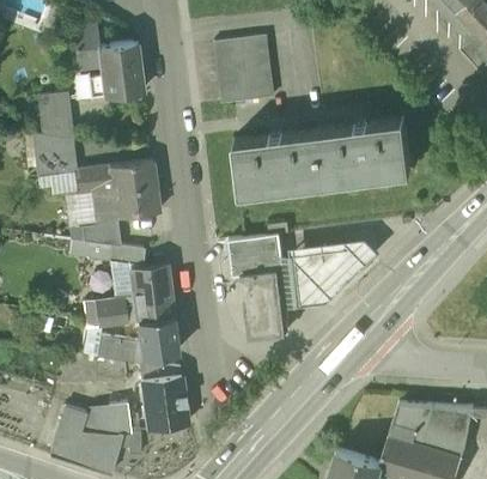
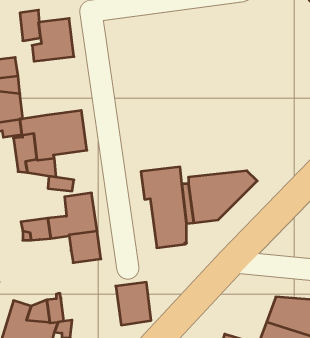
building: [213,35,273,103] -> none
building: [233,119,410,190] -> none
building: [97,336,142,362] -> none
building: [141,375,187,430] -> [116,282,151,325]

